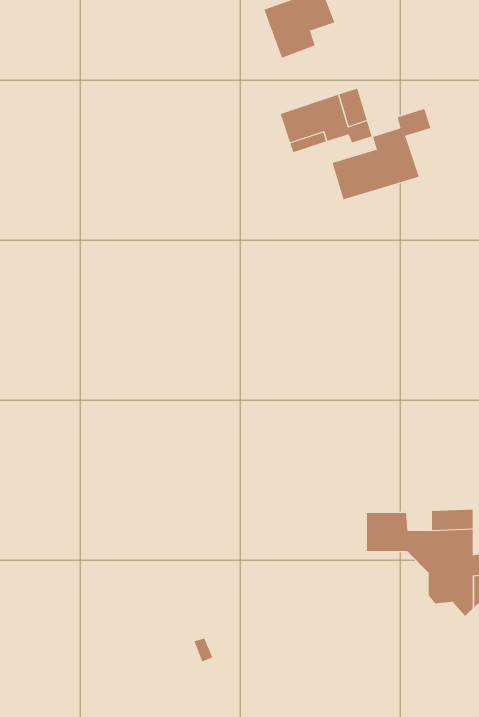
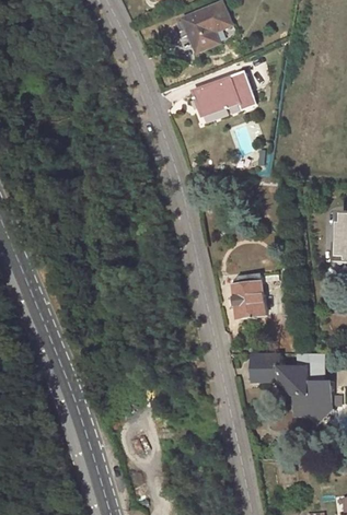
building: [332,108,431,200] -> none
building: none -> [231,276,264,319]

